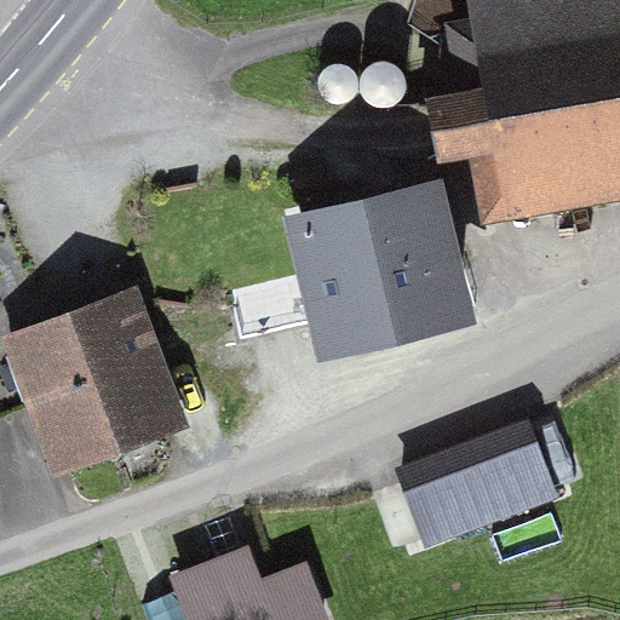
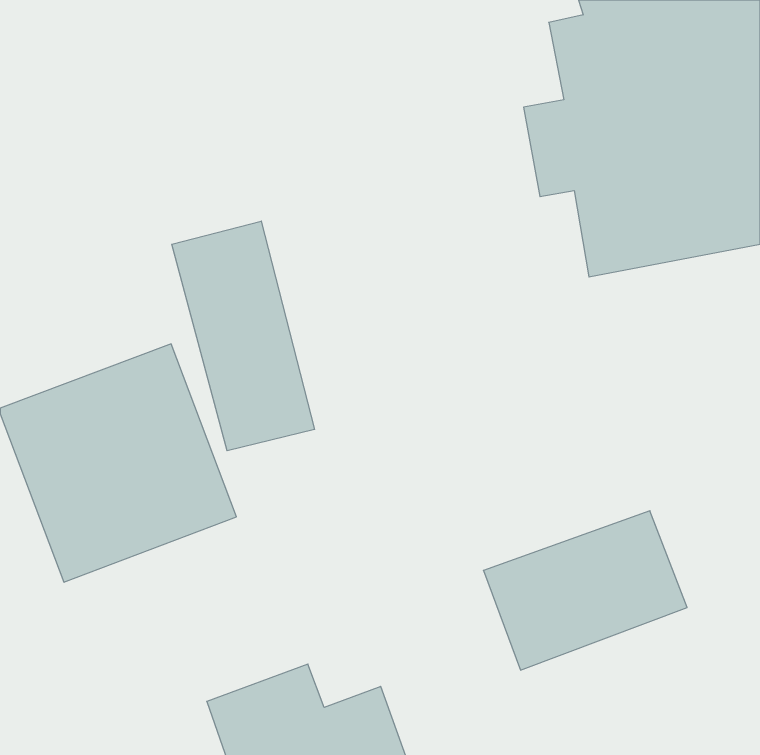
building: [283,176,476,355] -> none
building: none -> [172,221,315,451]

